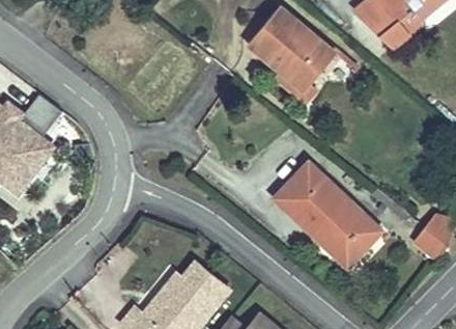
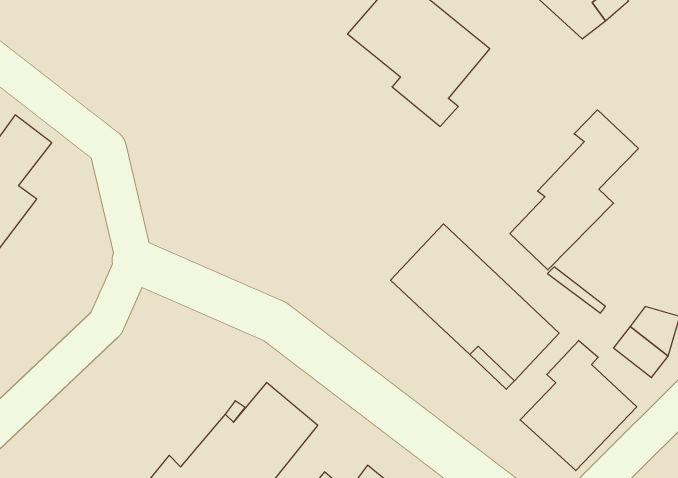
building: none -> [510,110,638,270]
building: none -> [520,340,637,471]

